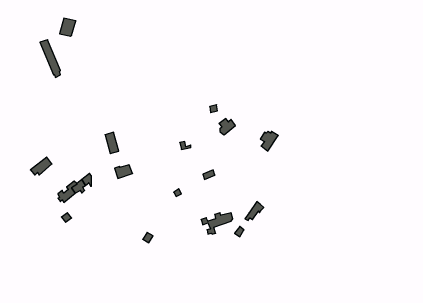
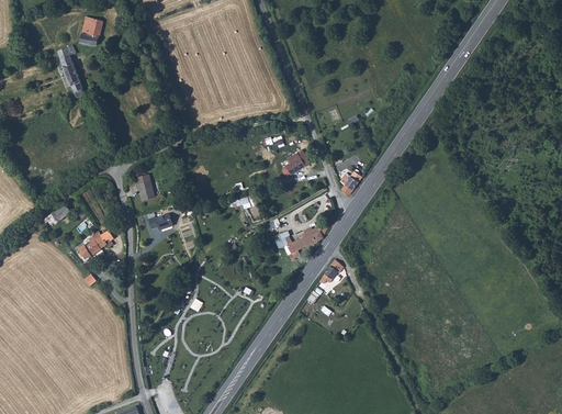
building: [201,213,233,234] -> [281,231,322,258]

